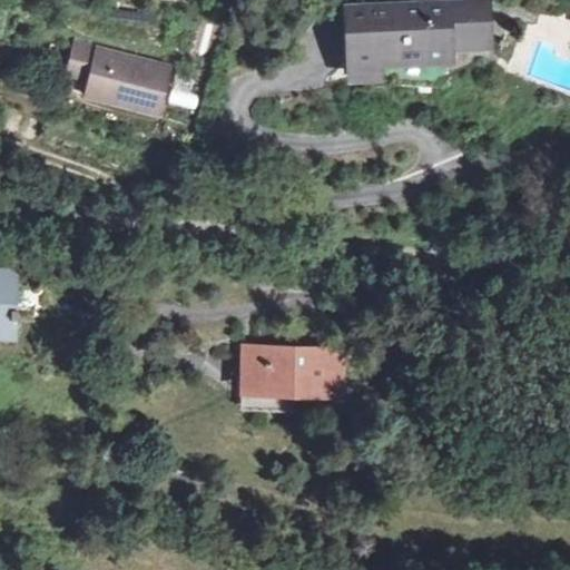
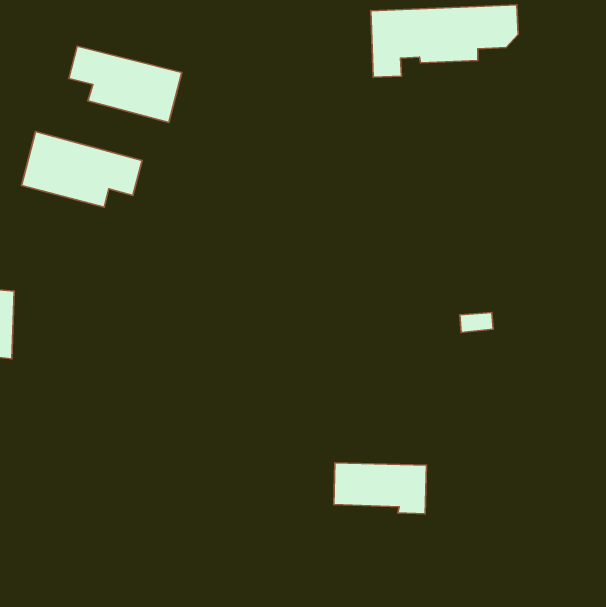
building: none -> [21,131,142,207]
building: [252,348,338,396] -> [334,463,426,514]

